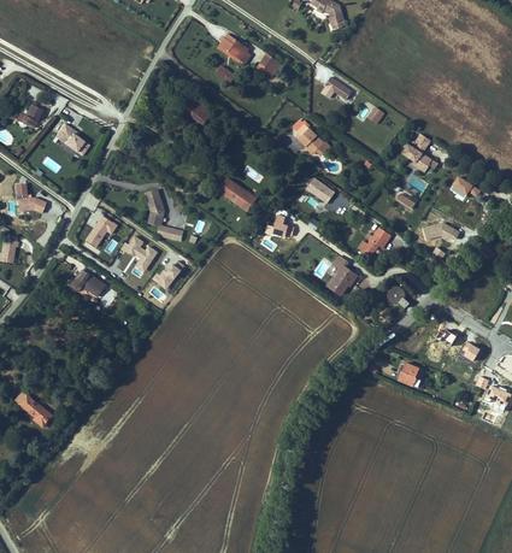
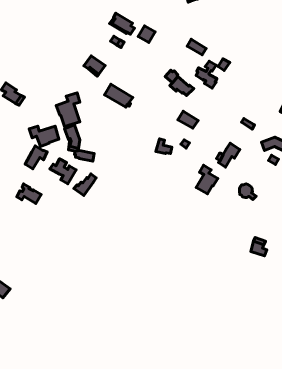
building: [401,134,430,172] -> [196,61,217,88]
building: none -> [56,93,80,126]
building: [217,177,257,211] -> [105,84,133,107]
building: none -> [29,126,59,147]

